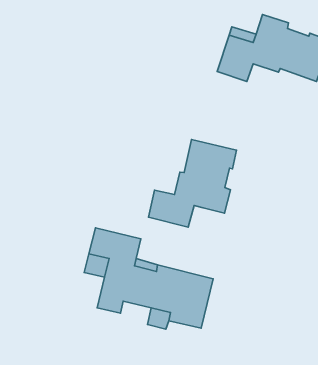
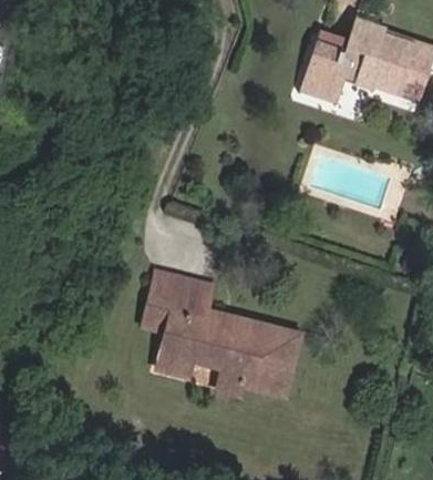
building: [148,139,236,227] -> none

